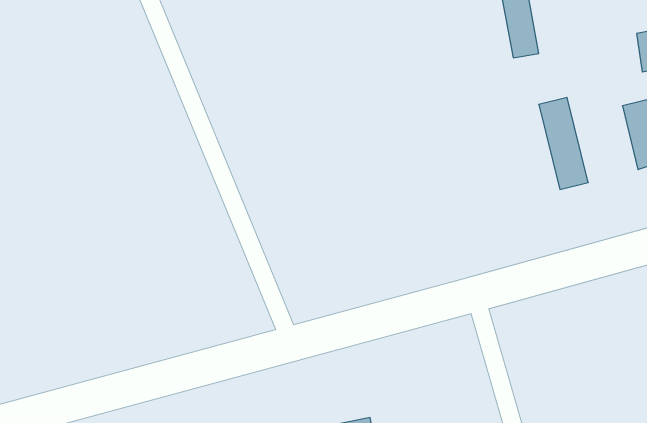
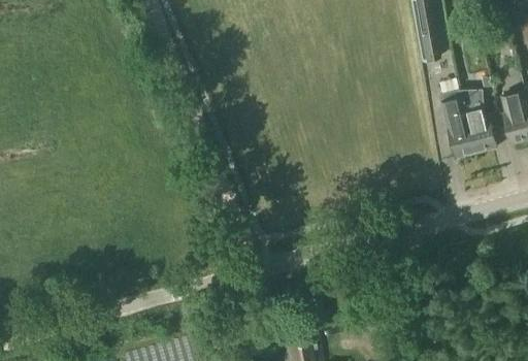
building: none -> [460,90,497,153]

